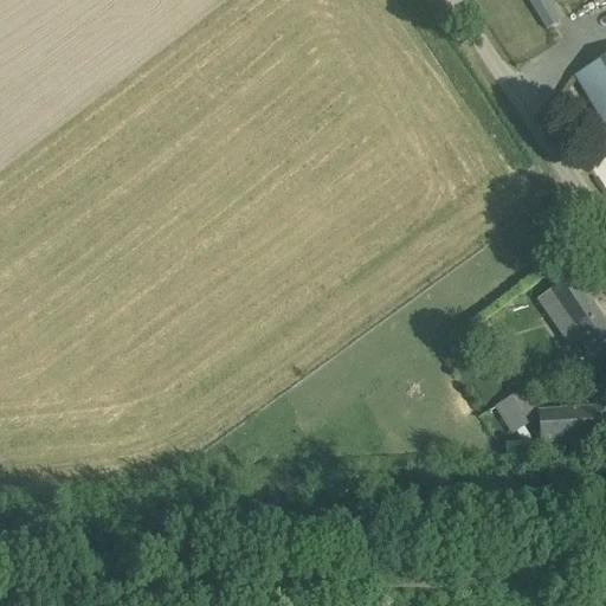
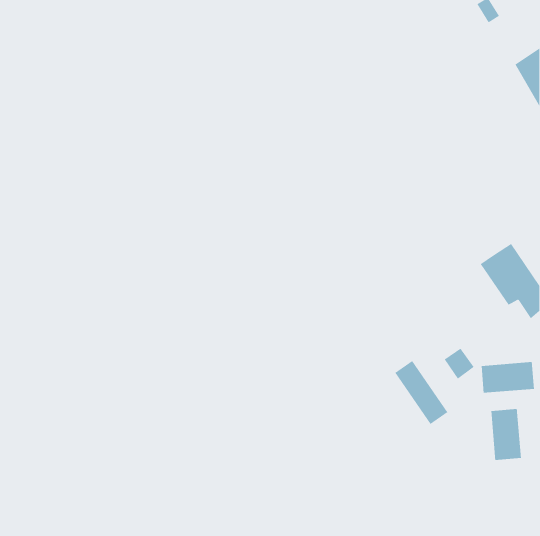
building: none -> [394,360,448,425]
building: none -> [491,408,521,461]

